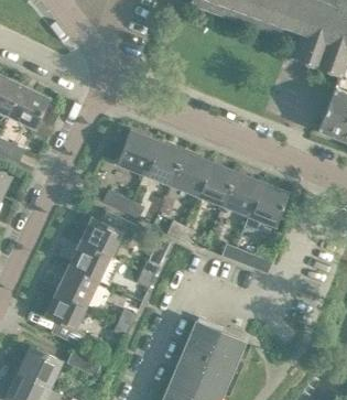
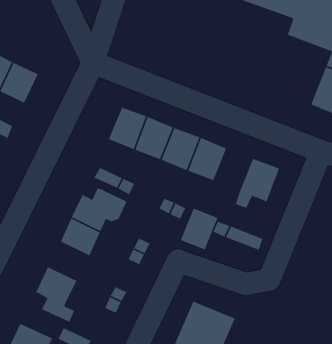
building: [223,172,261,215] -> [180,207,218,251]
building: [57,266,99,304] -> none

